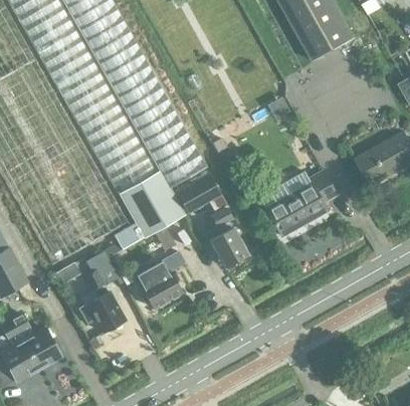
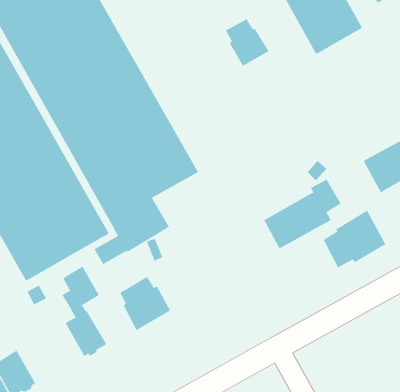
building: none -> [225,18,269,66]
building: [176,172,248,266] -> none
building: none -> [323,210,386,268]

